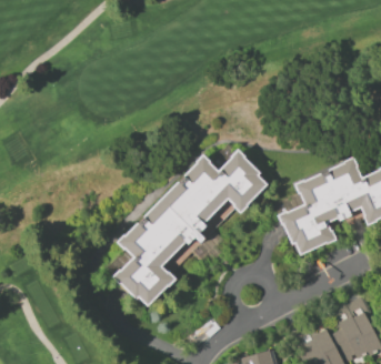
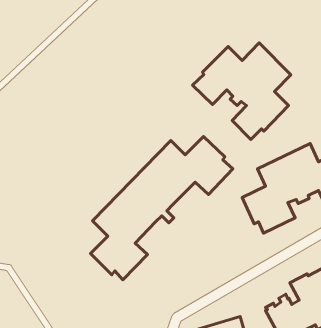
building: none -> [193,43,291,140]

